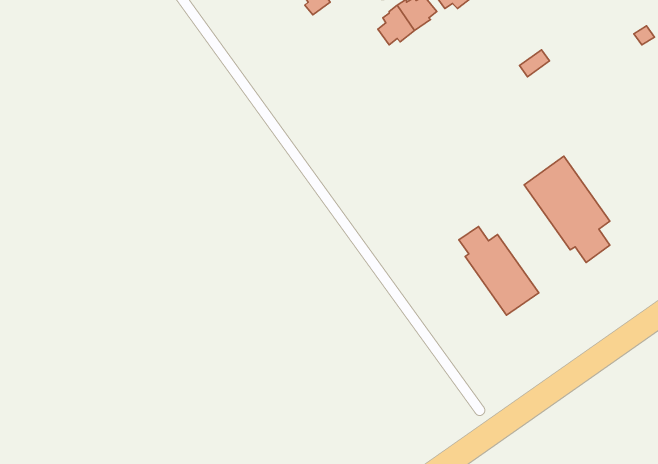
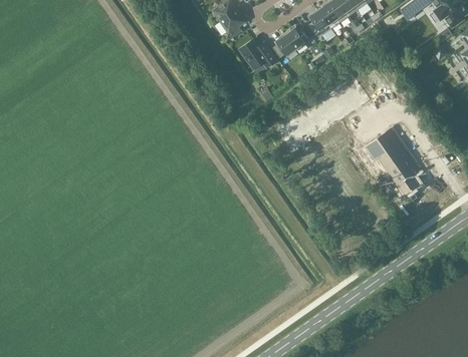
building: none -> [239,39,276,69]
building: [459,227,539,315] -> none

